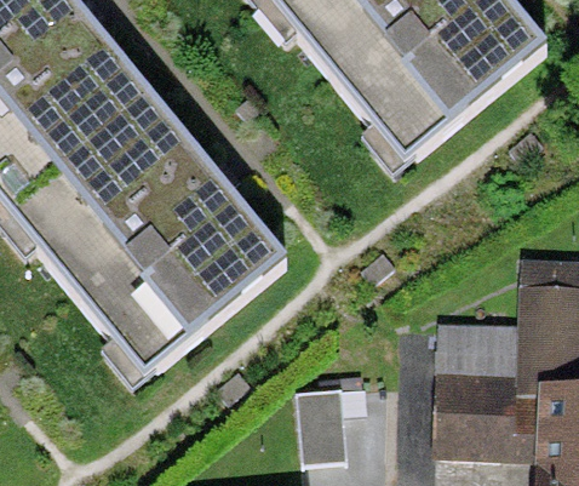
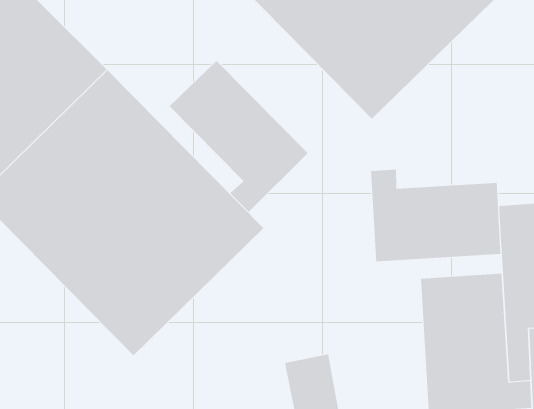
building: none -> [169,60,309,212]
building: none -> [371,169,501,262]

